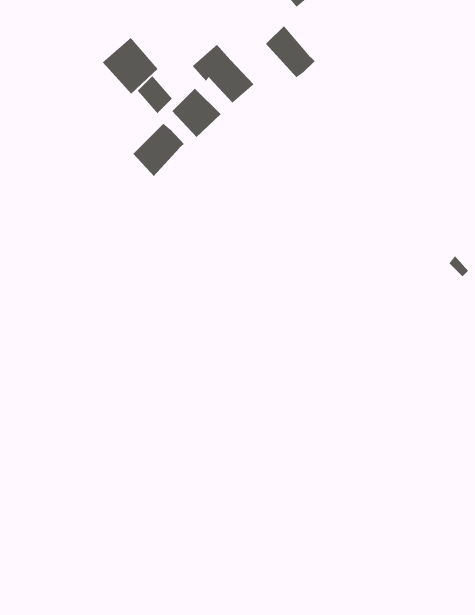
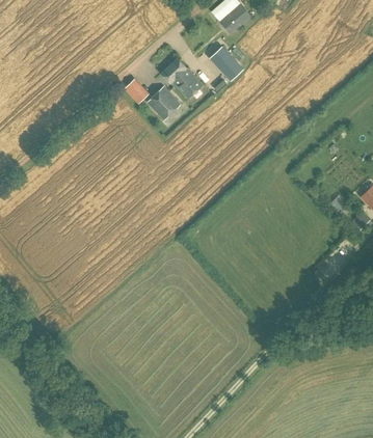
building: [102,37,159,94] -> none
building: [132,123,185,177] -> none

